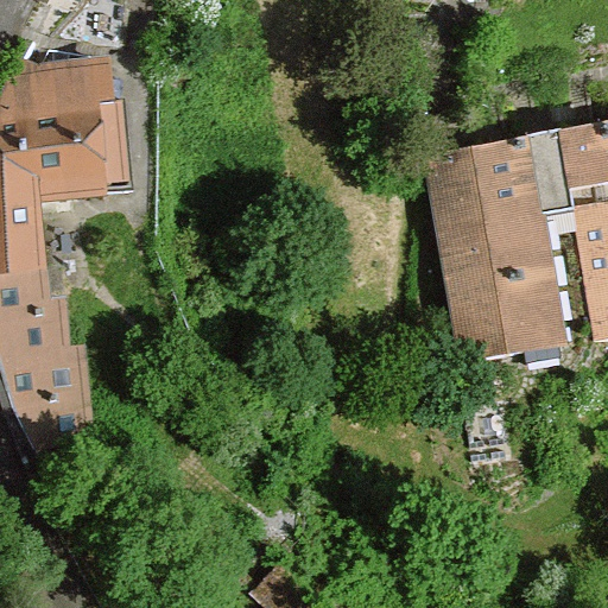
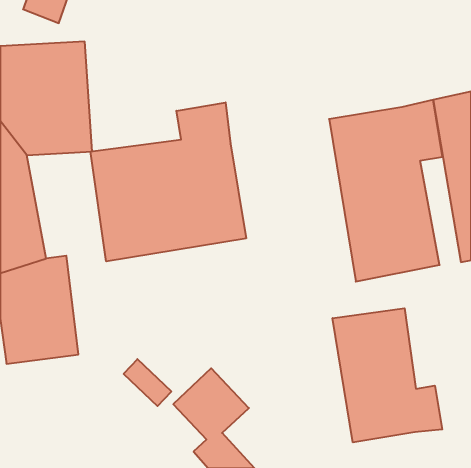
building: none -> [91,102,246,261]
building: none -> [333,308,442,442]

